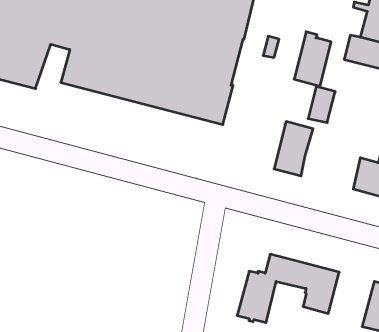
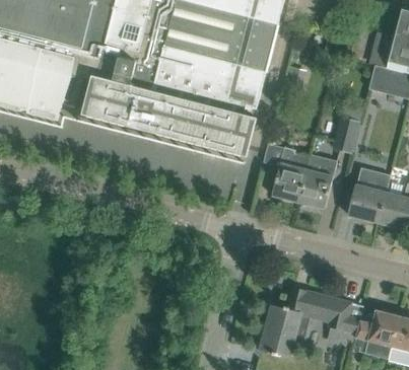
building: [294,32,331,86] -> [271,147,309,202]
building: none -> [348,167,390,222]
building: none -> [353,306,399,357]

